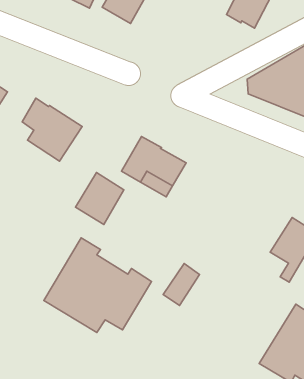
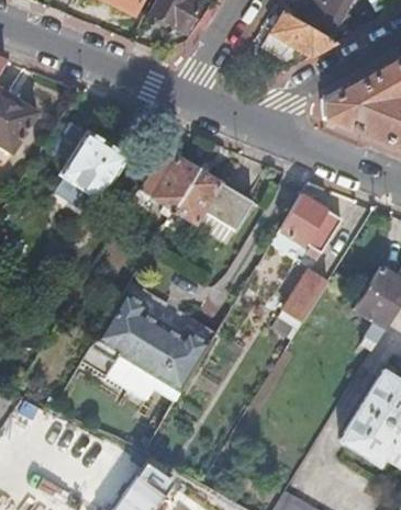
building: none -> [261,11,337,59]
building: none -> [279,193,341,253]
building: [75,173,124,225] -> [140,147,198,209]
building: [163,263,200,305] -> [282,270,326,320]

